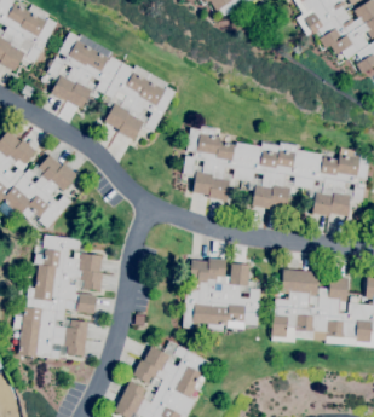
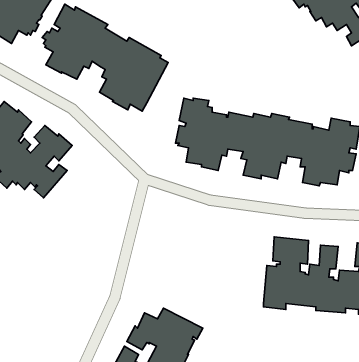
building: [15,234,103,361] -> none
building: [183,257,260,330] -> none

